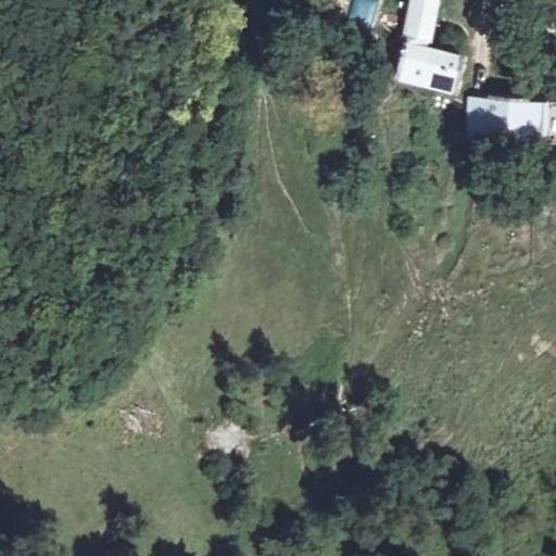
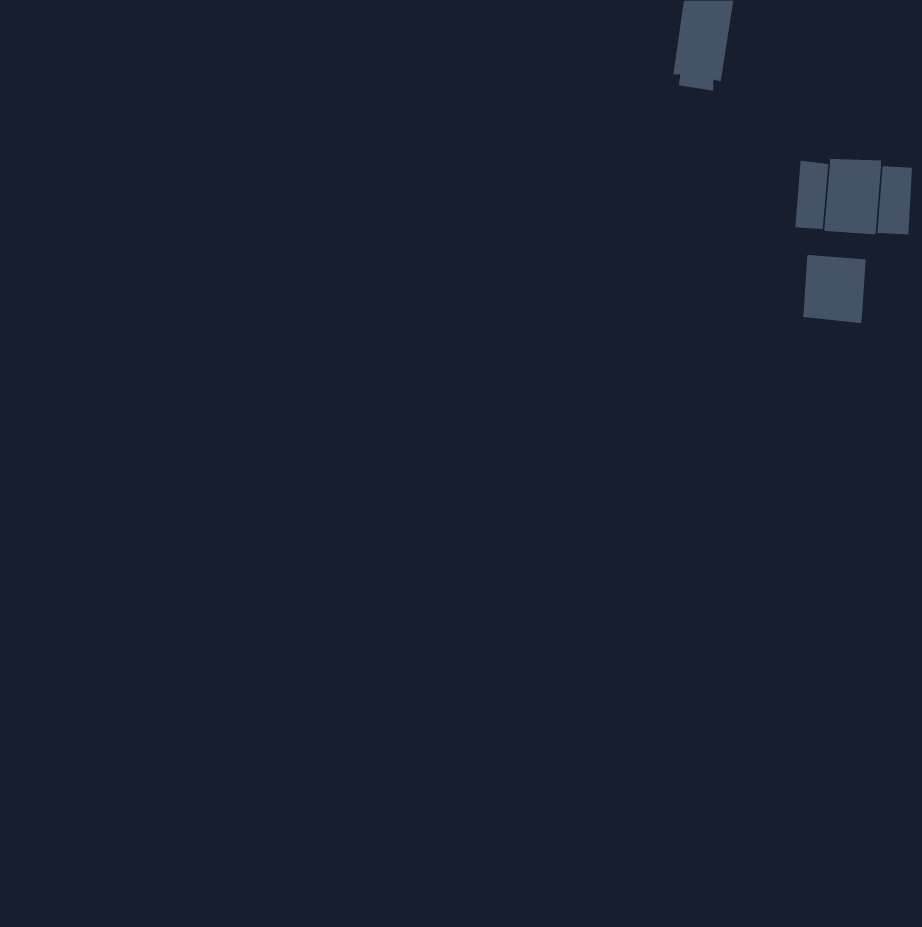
building: [399,53,462,85] -> none
building: none -> [802,254,867,324]

